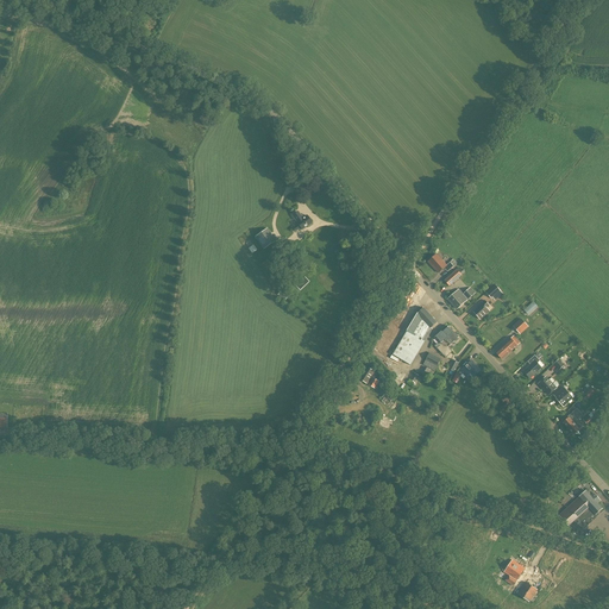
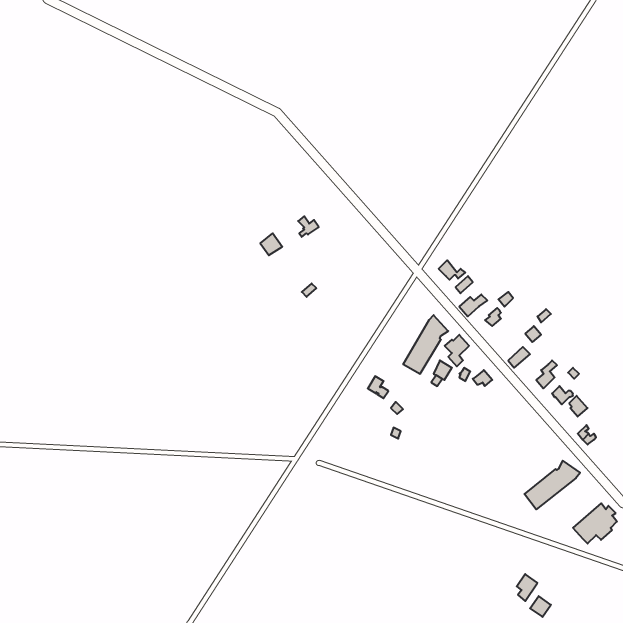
building: none -> [524,461,580,509]

